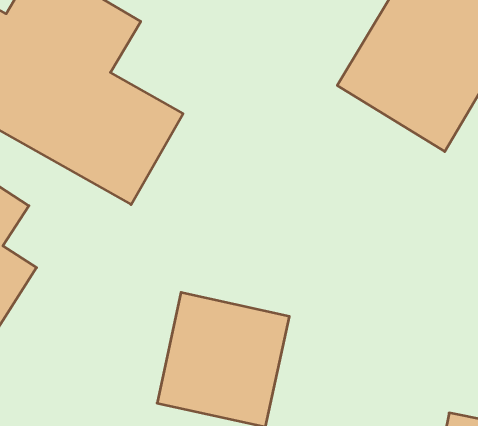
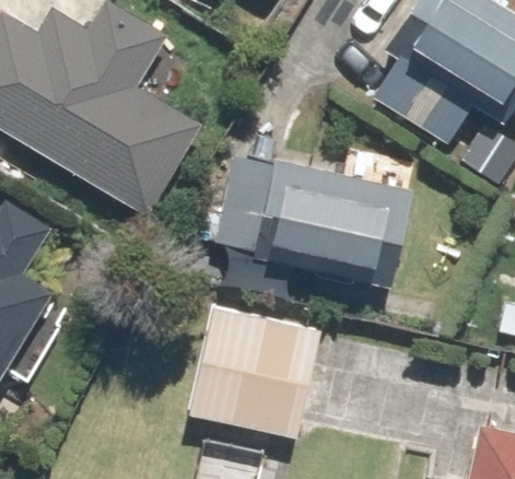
building: none -> [231,160,406,287]

